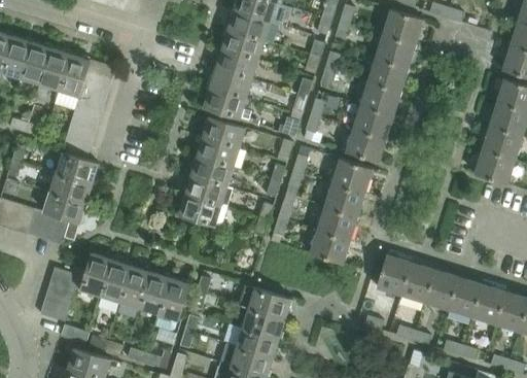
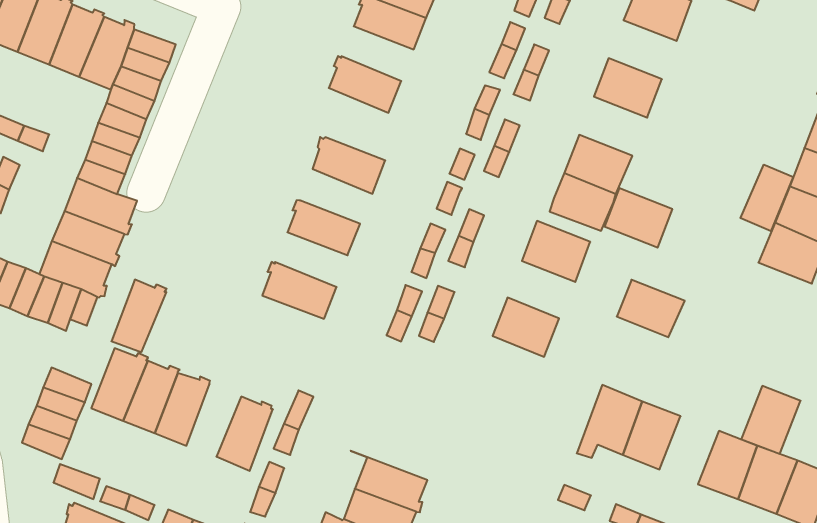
building: [376,33,416,67] -> none
building: [215,48,258,79] -> none
building: [361,80,401,114] -> [604,188,672,248]
building: [203,87,251,121] -> none
building: none -> [740,165,793,231]
building: [197,136,240,167] -> none
building: [184,174,227,206] -> none
building: [325,182,365,215] -> [617,280,685,337]
building: [310,229,350,264] -> none
building: [424,269,458,309] -> [741,386,801,454]
building: [139,270,170,313] -> [111,280,167,352]
building: [238,284,291,319] -> none

